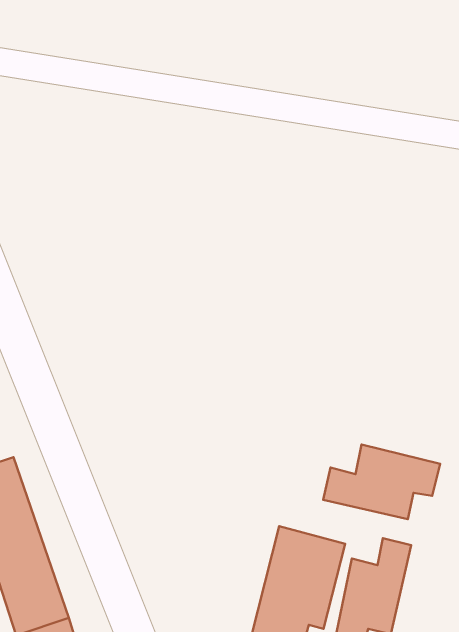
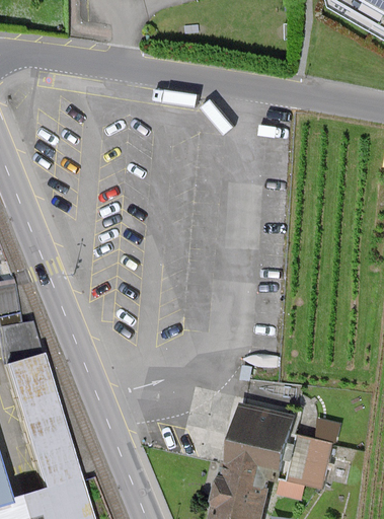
building: [323,444,440,519] -> none

